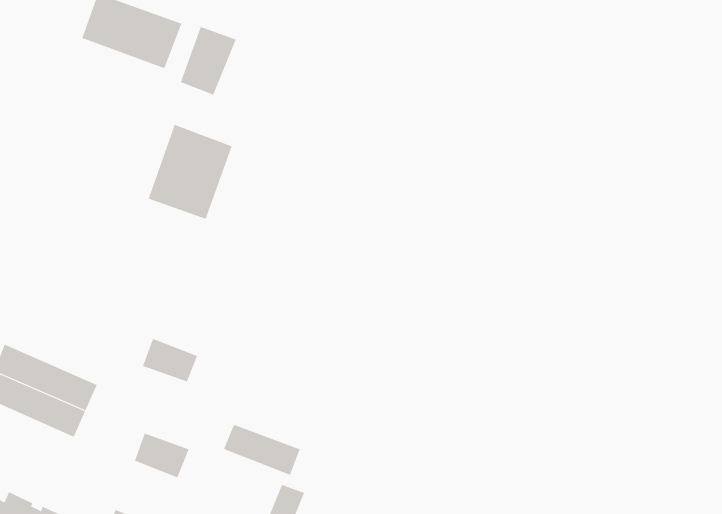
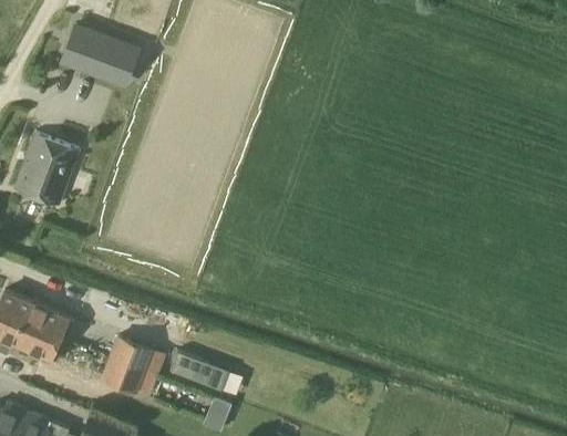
building: [180,26,236,96] -> none
building: [148,124,233,219] -> [14,134,79,206]
building: [142,338,198,382] -> [111,338,153,371]

